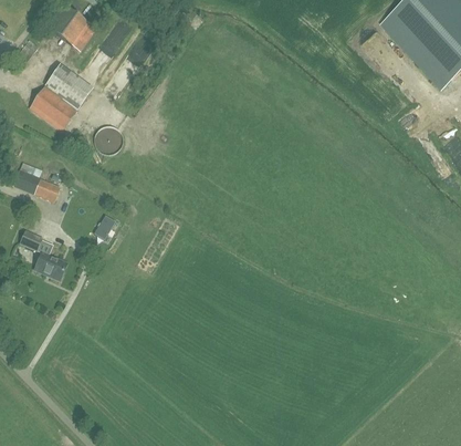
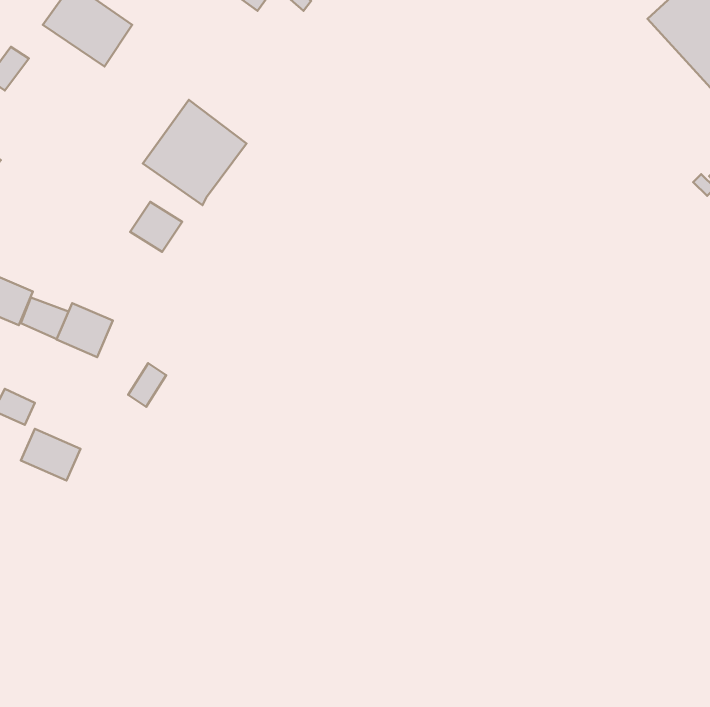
building: [28,71,85,129] -> [143,100,246,205]
building: none -> [57,303,113,357]

